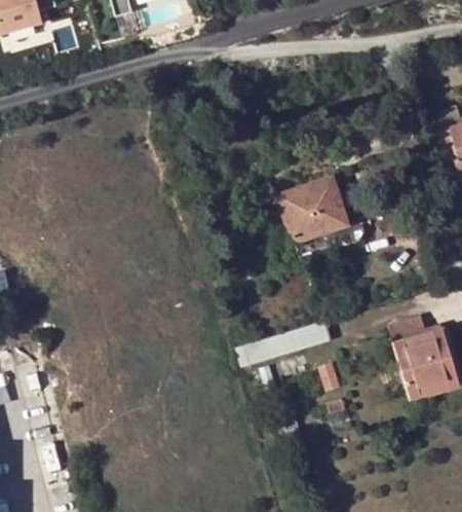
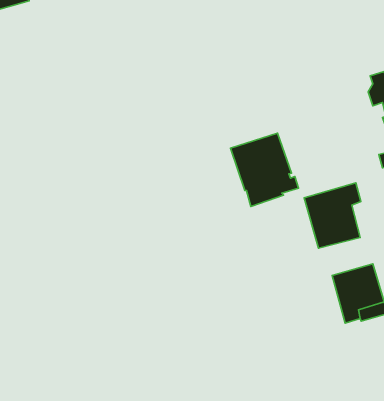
building: none -> [304,183,361,248]
building: [235,318,331,366] -> none

